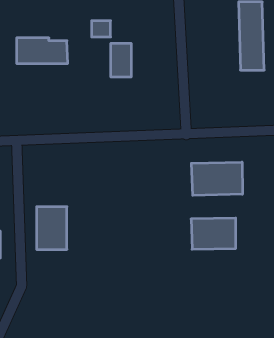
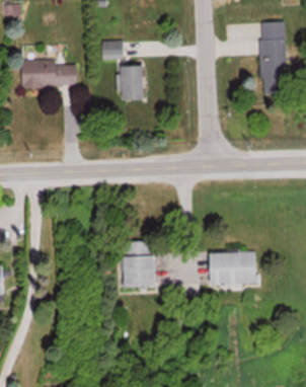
building: [191,162,242,195] -> none
building: [37,207,67,249] -> [124,242,156,288]

